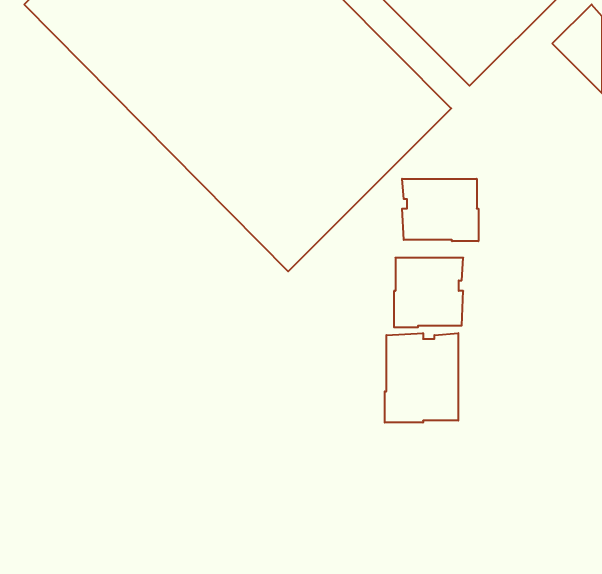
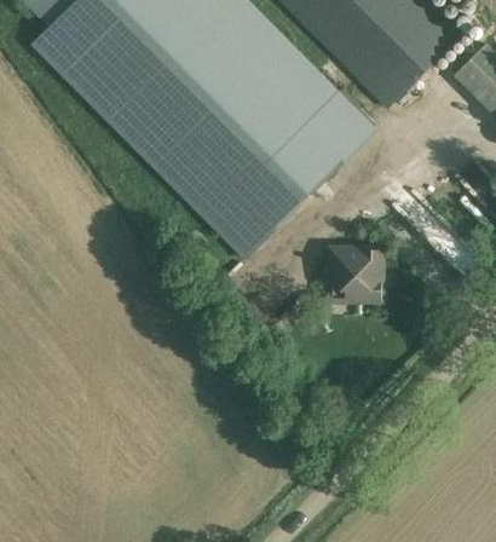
building: [402,179,478,241] -> none
building: [385,333,458,423] -> none

